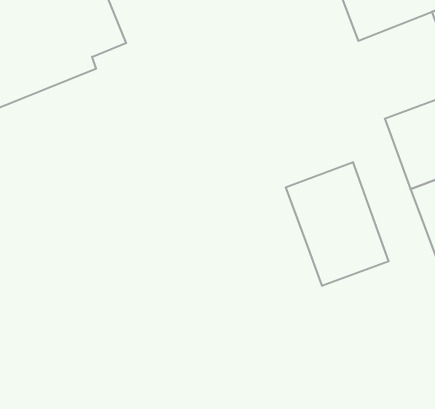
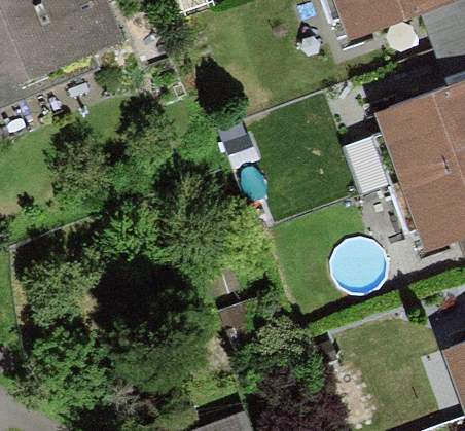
building: [286,162,389,286] -> none

